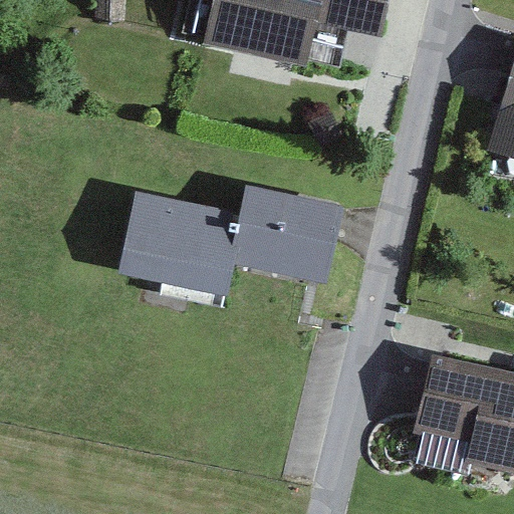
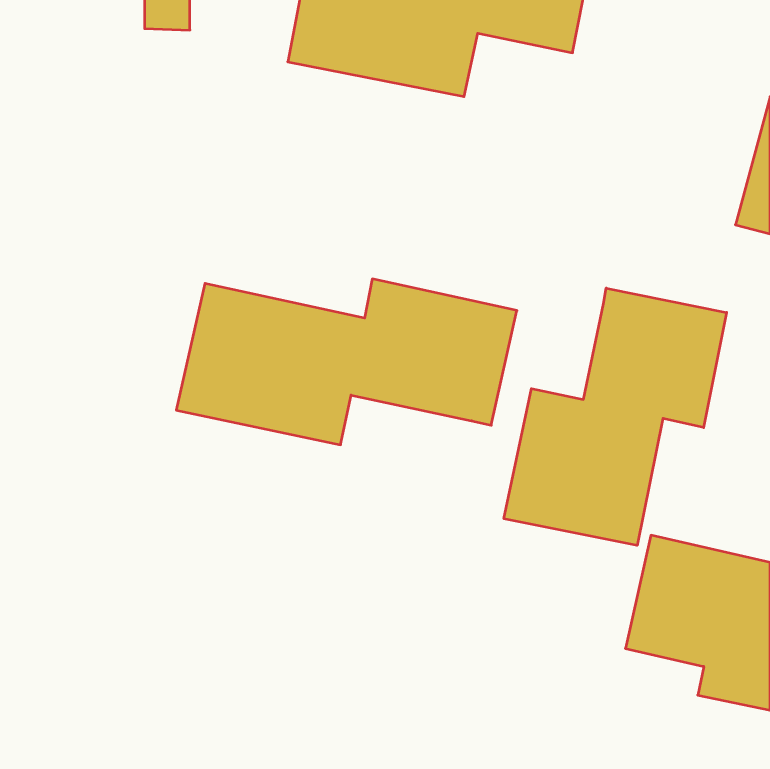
building: none -> [504,288,727,545]

